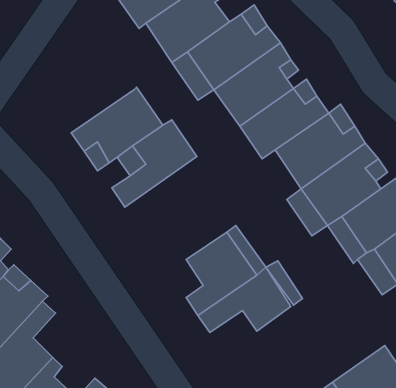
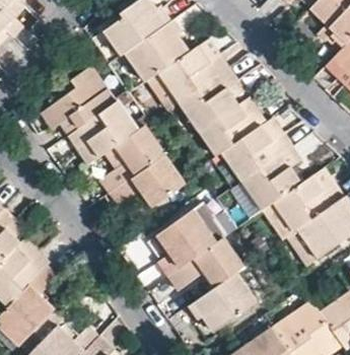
building: none -> [41,64,116,135]
building: none -> [109,153,185,207]
building: none -> [190,270,257,329]

